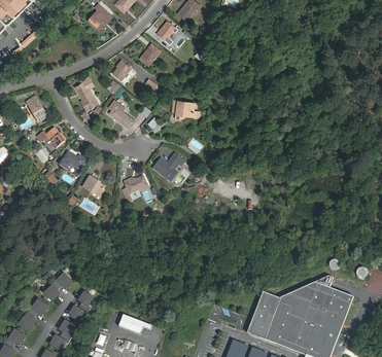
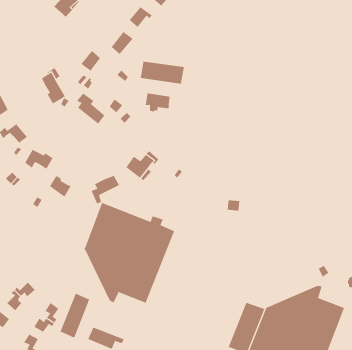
building: none -> [140,61,184,84]
building: none -> [84,202,175,304]
building: none -> [60,293,90,338]

